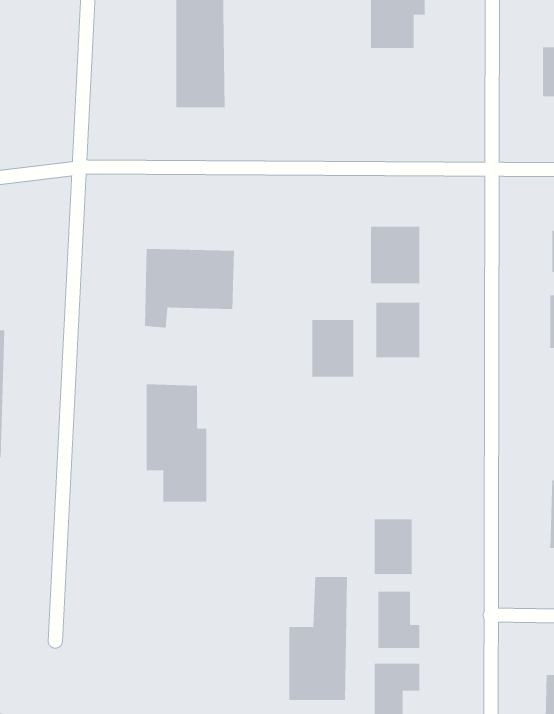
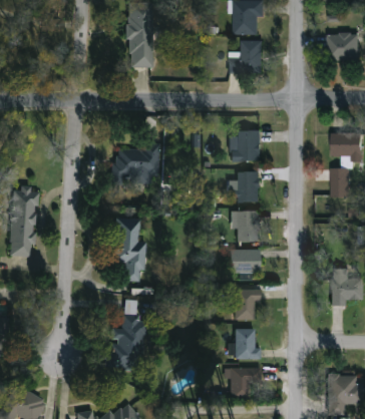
building: none -> [230,40,262,73]
building: [312,320,354,377] -> [238,211,261,242]
building: none -> [230,250,261,273]
building: [289,577,348,701] -> [110,301,142,368]

